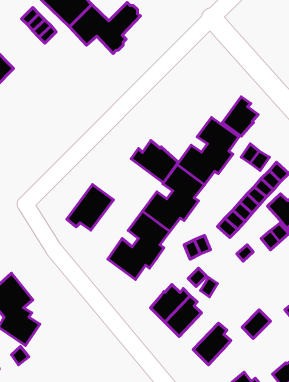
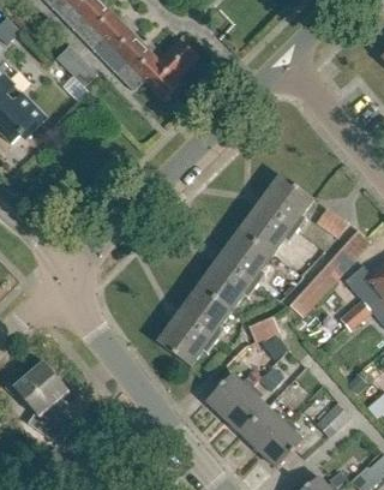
building: [222,97,258,136] -> none
building: [131,141,178,183] -> none
building: [67,185,114,230] -> none
building: none -> [241,406,288,449]

